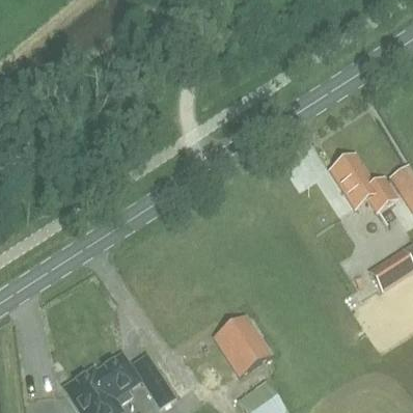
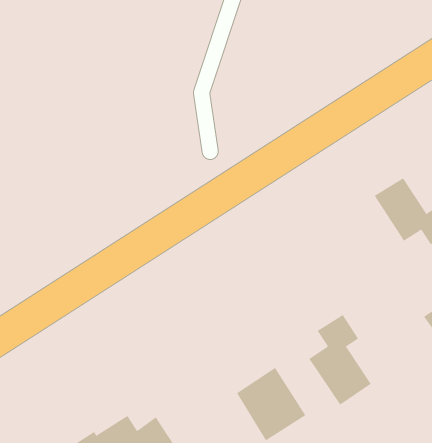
building: none -> [309,314,371,406]

